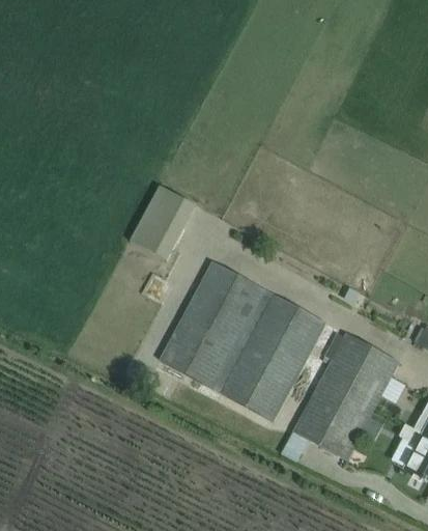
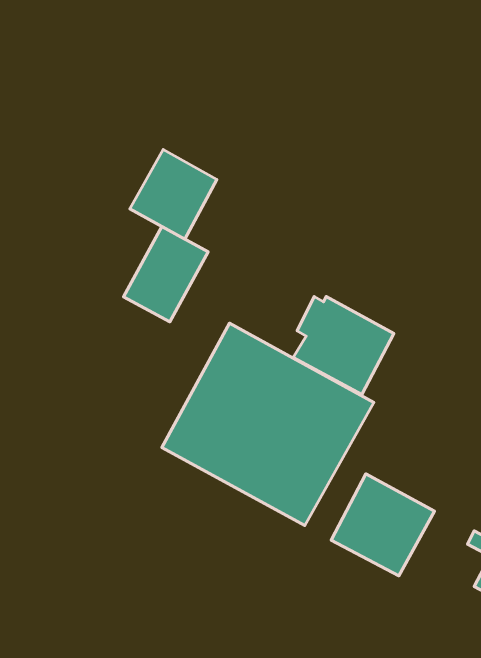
building: none -> [130,150,217,239]
building: [319,332,398,409] -> [293,297,394,394]

